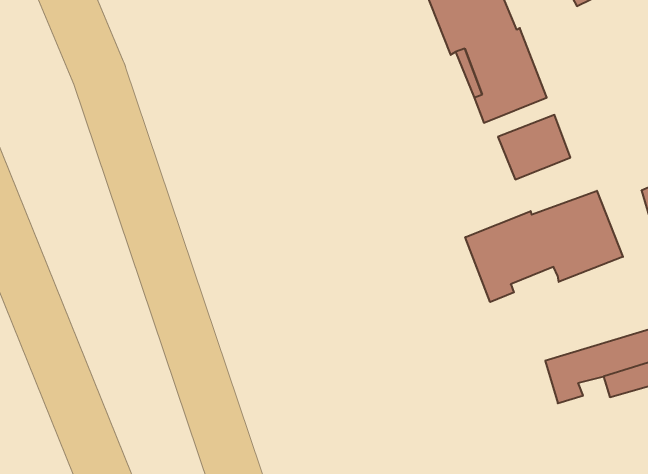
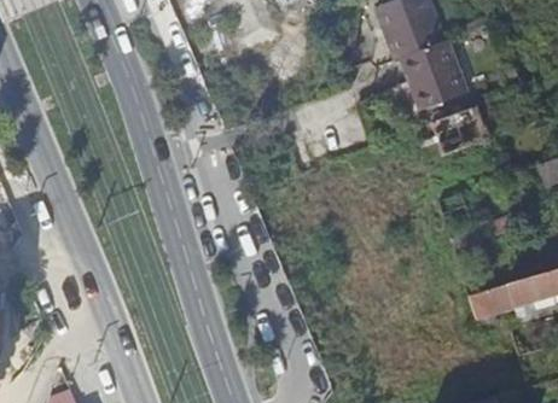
building: [465,191,623,302] -> none

